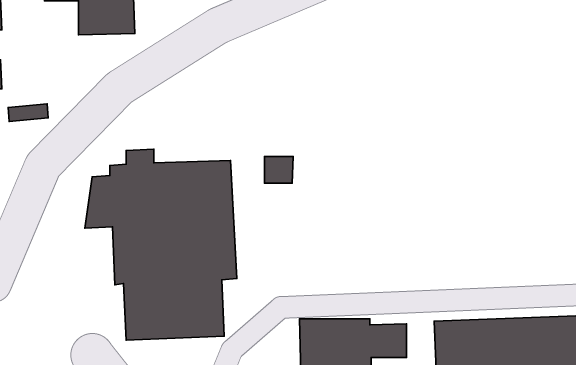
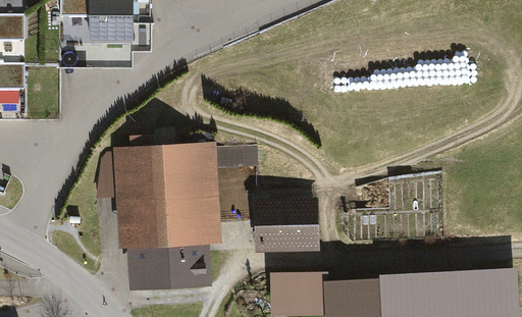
building: none -> [252,197,316,252]

